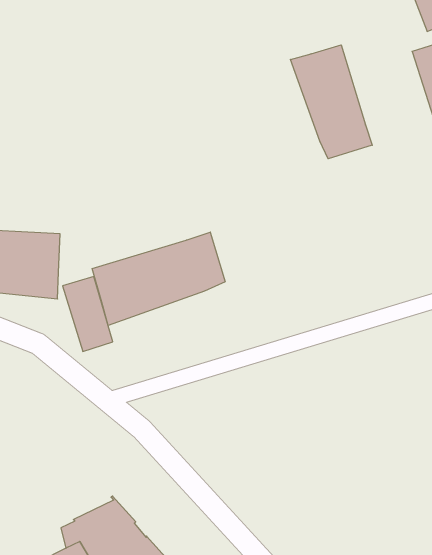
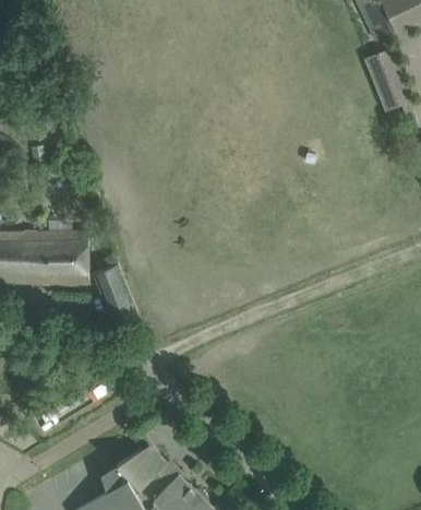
building: [290,45,372,159] -> none
building: [92,232,225,325] -> none

